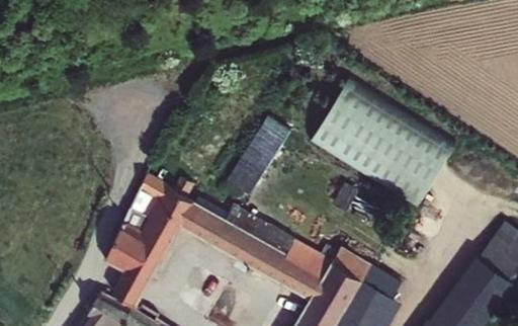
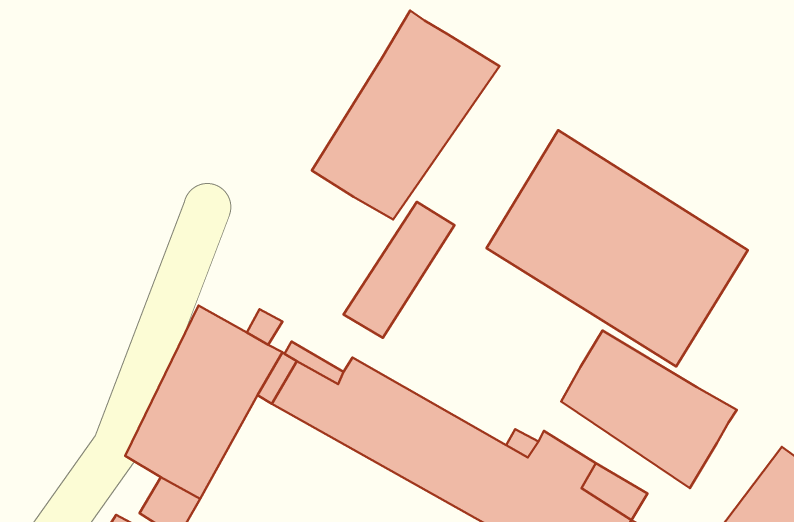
building: none -> [312,11,500,220]
building: none -> [561,330,737,488]

